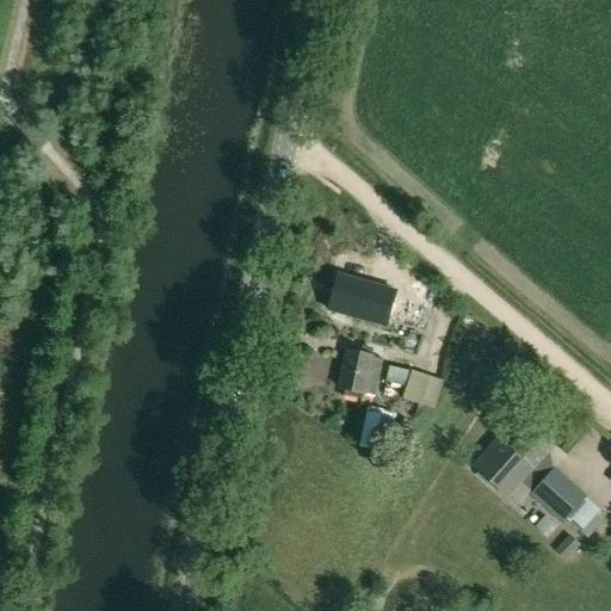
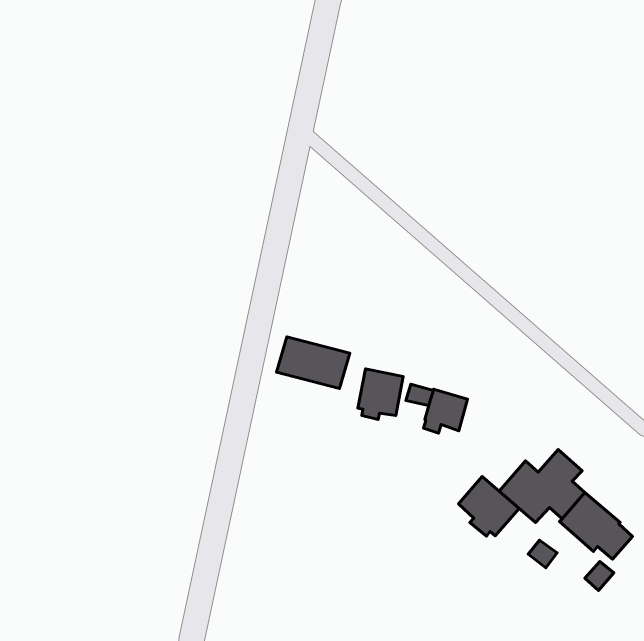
building: [328,274,397,323] -> [277,337,350,389]
building: none -> [458,477,519,536]

